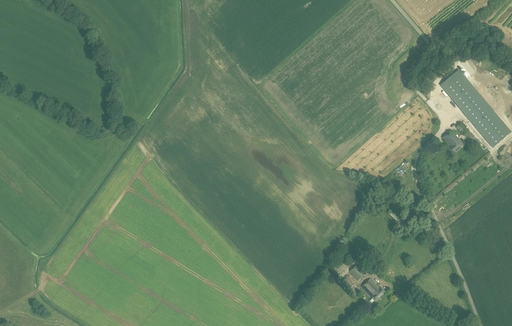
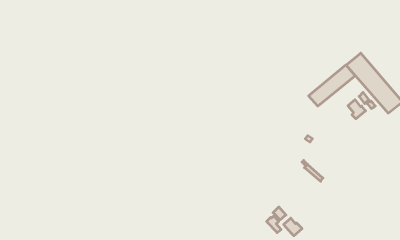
building: none -> [309,65,355,106]

